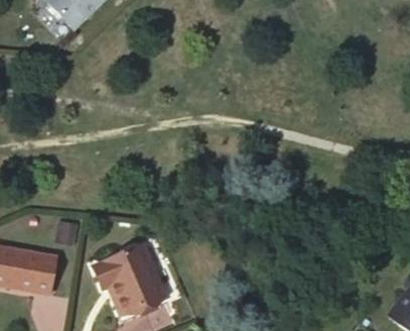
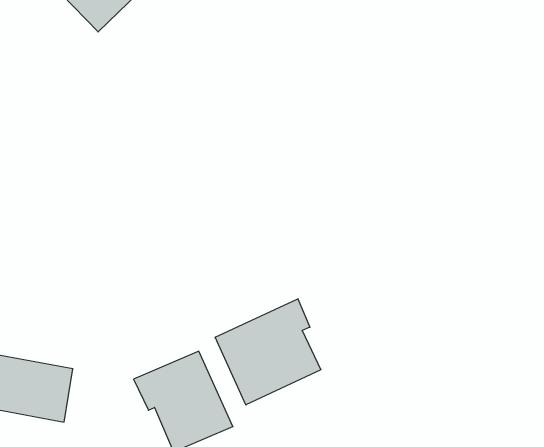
building: none -> [215,299,321,405]

